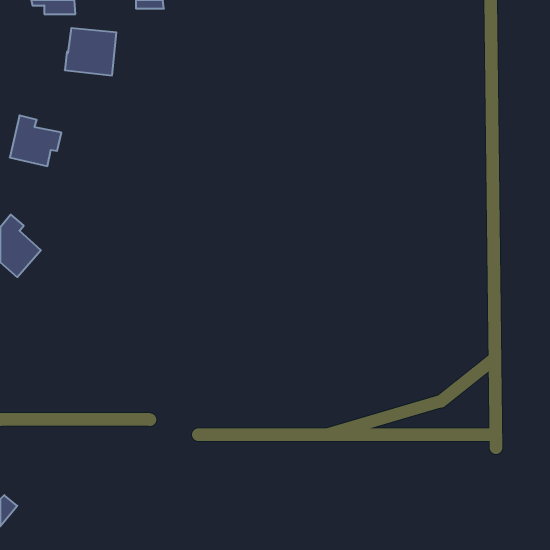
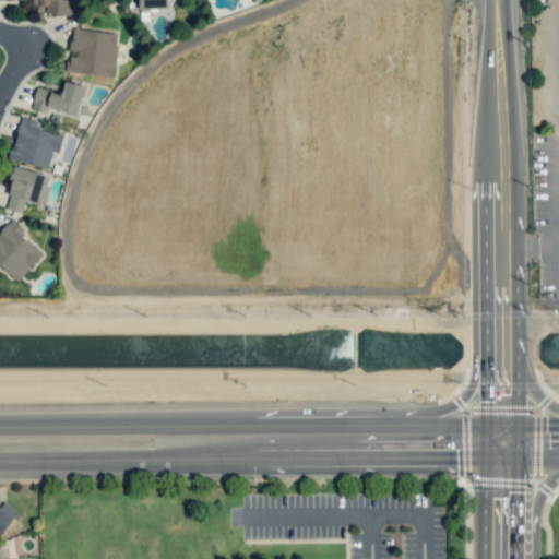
building: none -> [32,82,85,117]
building: none -> [7,168,50,213]

